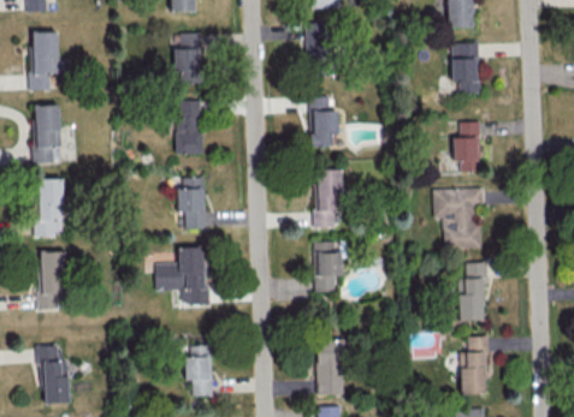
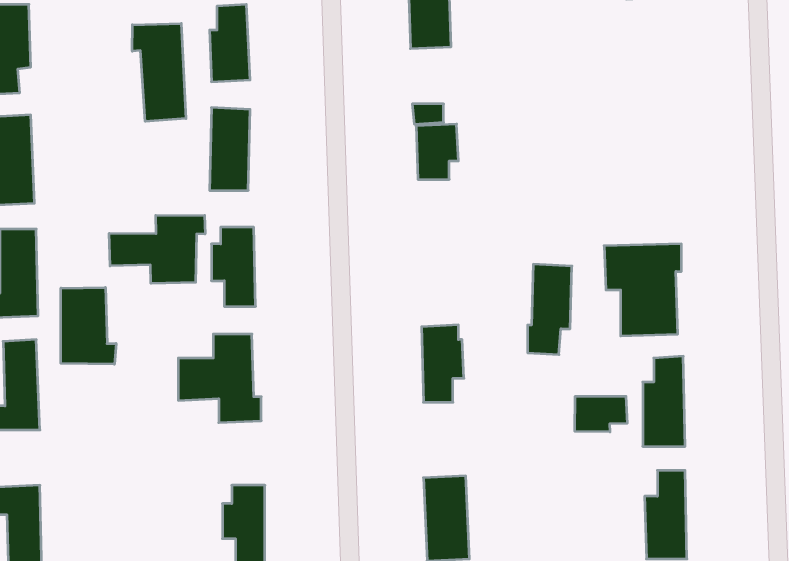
building: [451,43,479,93] -> none
building: none -> [132,23,186,121]
building: [454,121,481,172] -> none
building: [313,169,342,228] -> [528,264,572,355]
building: none -> [109,215,205,283]
building: none -> [61,287,116,364]
building: none -> [575,396,627,432]

